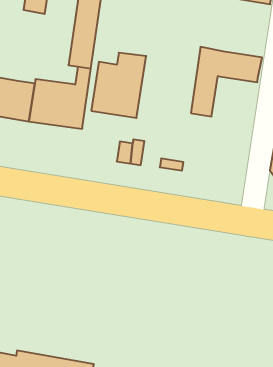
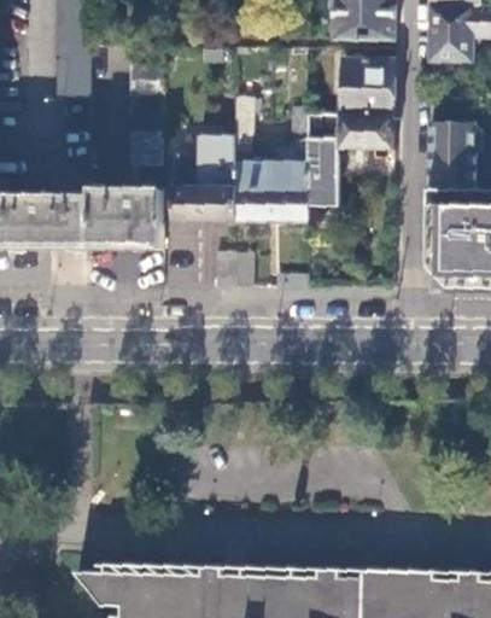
building: none -> [344,56,396,111]
building: none -> [235,97,310,221]

